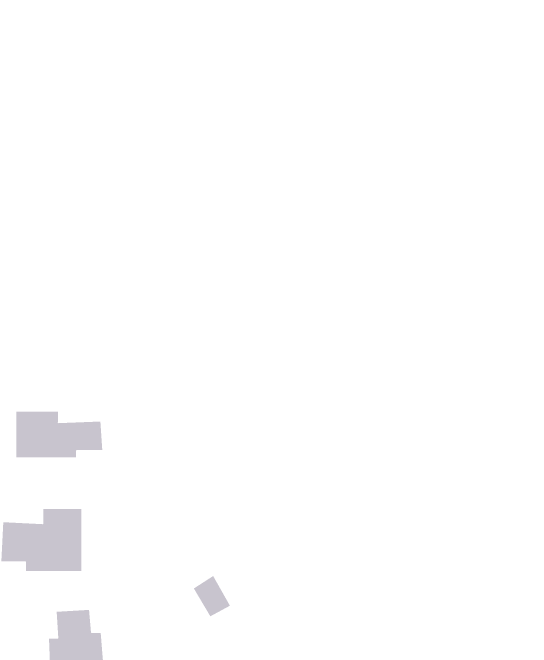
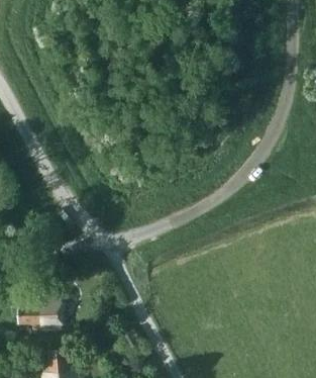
building: [16,411,103,458] -> none

